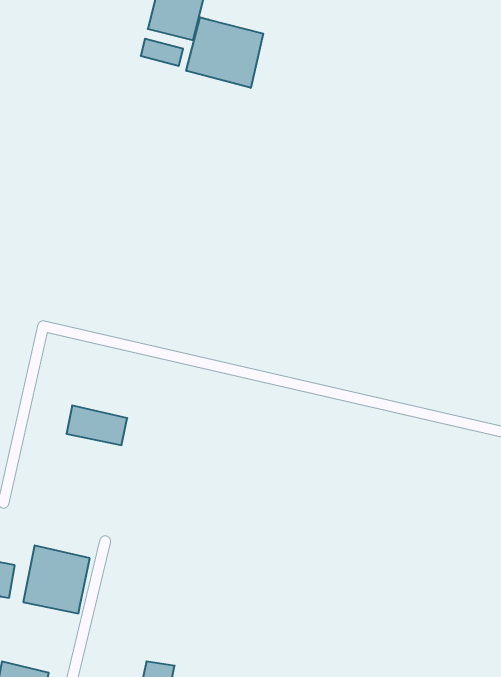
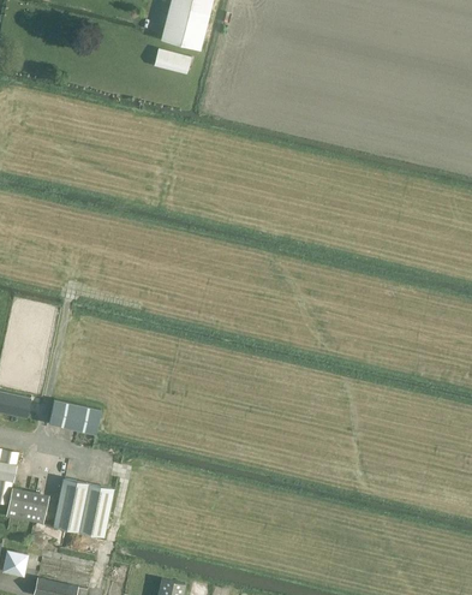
building: [186,17,263,88] -> none
building: [66,405,127,445] -> [47,400,98,434]

